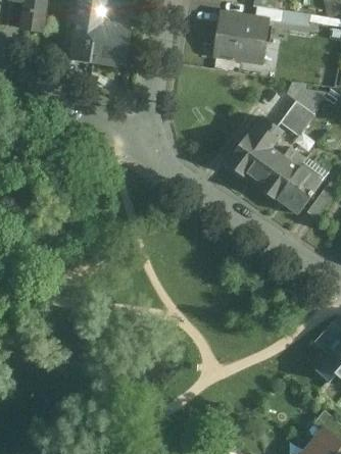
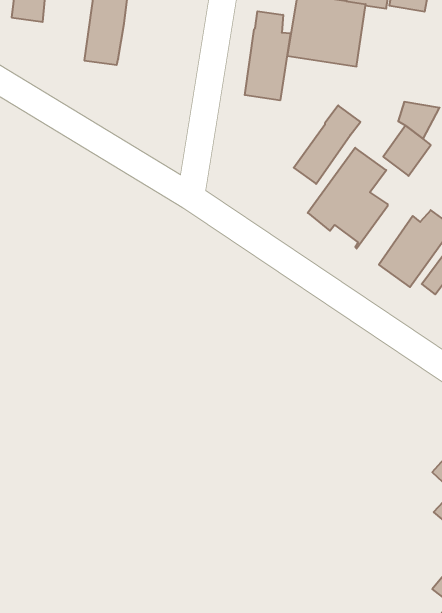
building: [96,21,132,65] -> none
building: none -> [245,11,291,100]
building: [260,145,306,199] -> [294,105,360,184]

